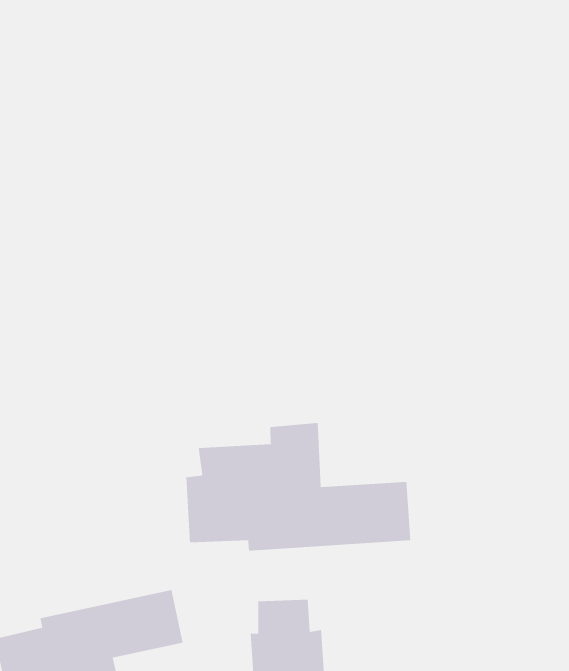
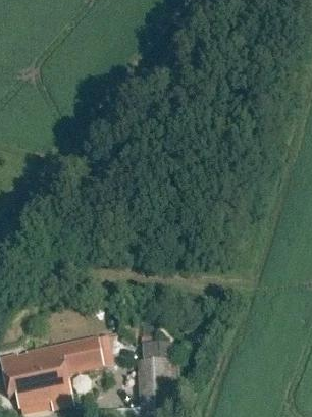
building: [186,422,411,551] -> none

